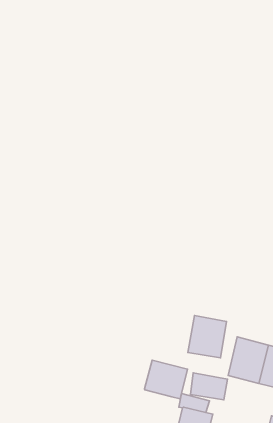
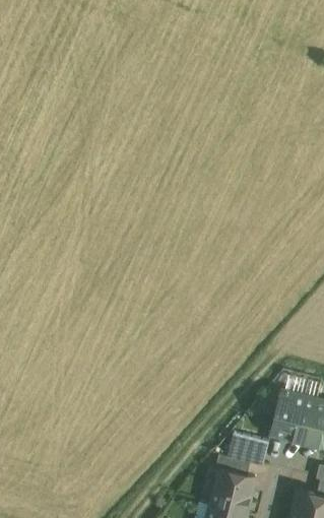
building: [188,316,226,358] -> none
building: [144,360,187,399] -> none

